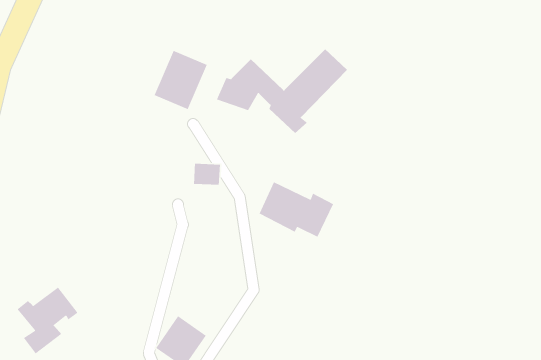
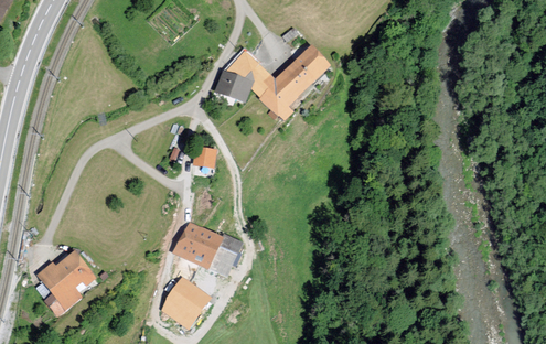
building: [153,50,208,110] -> none
building: [258,181,334,238] -> [175,223,242,272]

